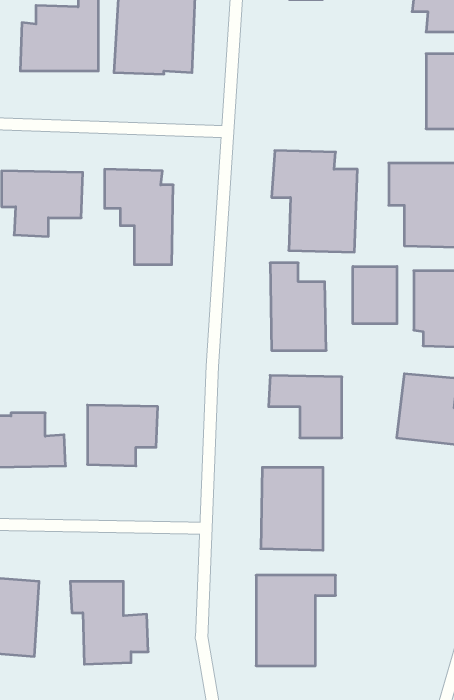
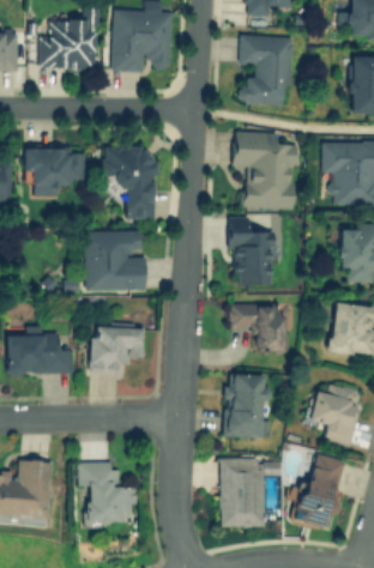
building: none -> [236,34,292,105]
building: [353,266,397,324] -> none
building: none -> [85,230,146,290]
building: none -> [304,382,364,446]
building: none -> [296,452,346,530]

